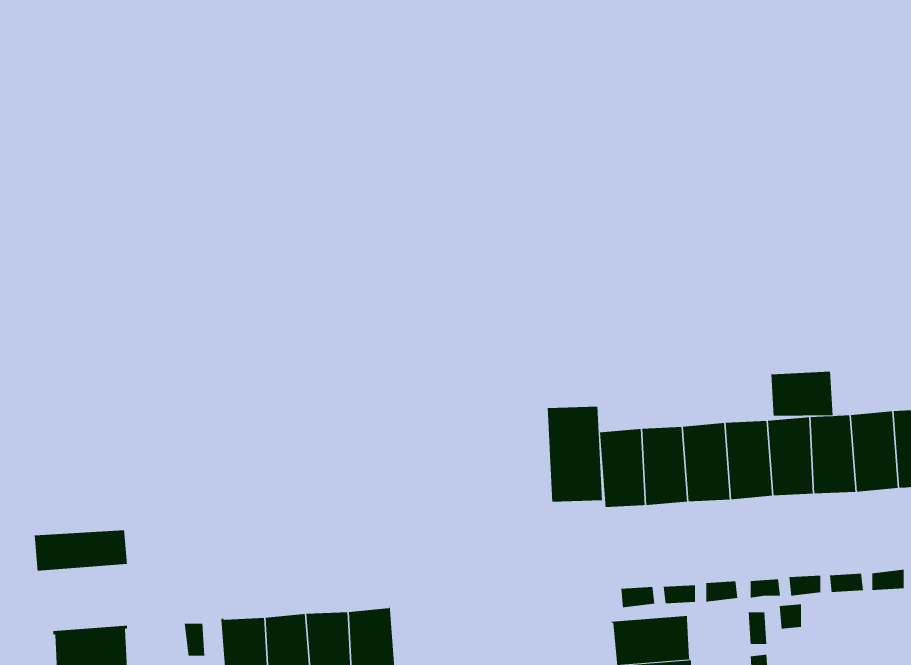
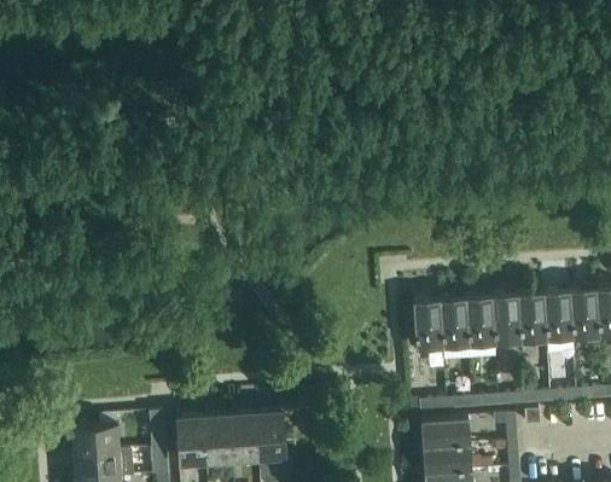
building: [771,371,833,417] -> none
building: [547,406,603,502] -> none
building: [34,530,127,571] -> none

